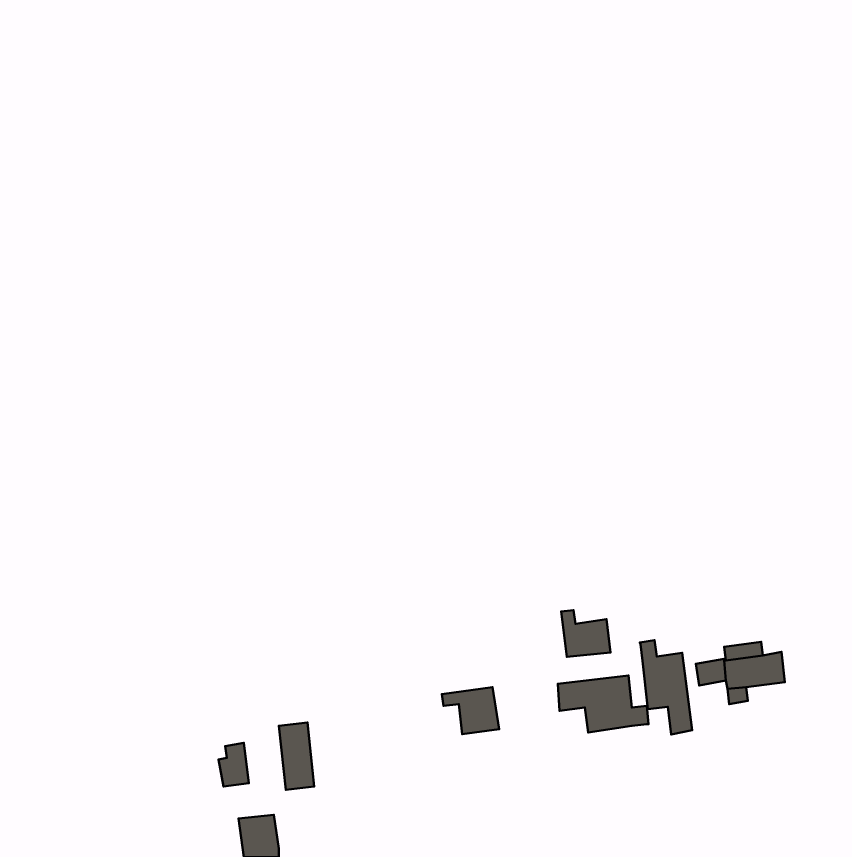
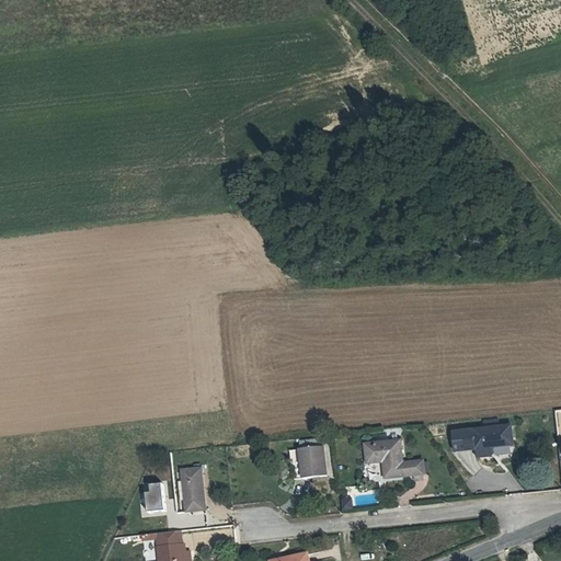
building: [561,610,610,657] -> none
building: [640,640,692,735] -> none

